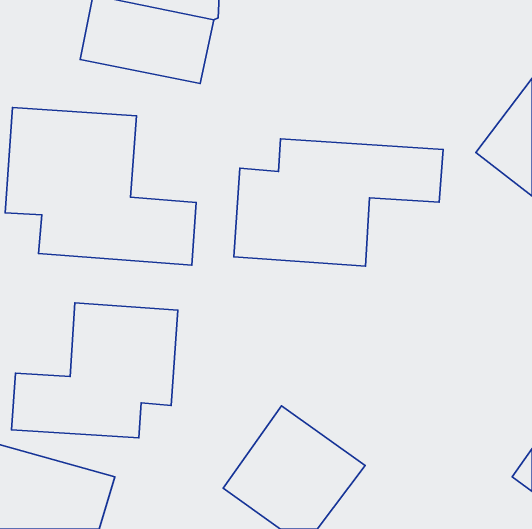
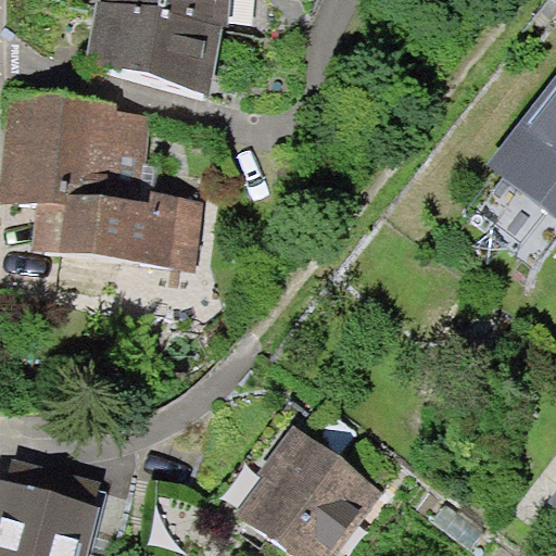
building: [234,139,443,266] -> none
building: [11,303,178,438] -> none

